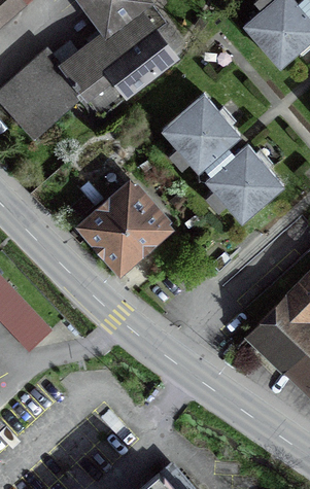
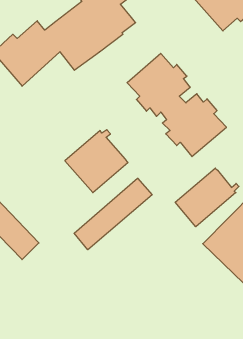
building: none -> [175,168,239,227]
building: none -> [74,178,152,250]

